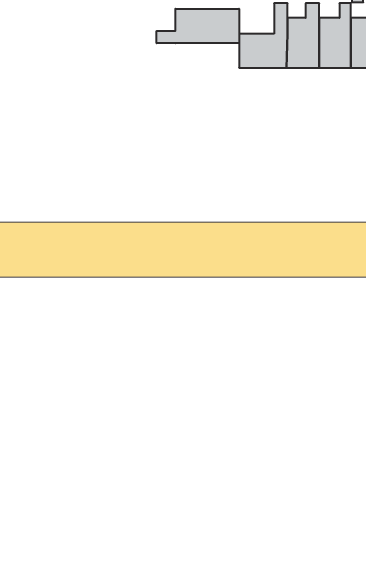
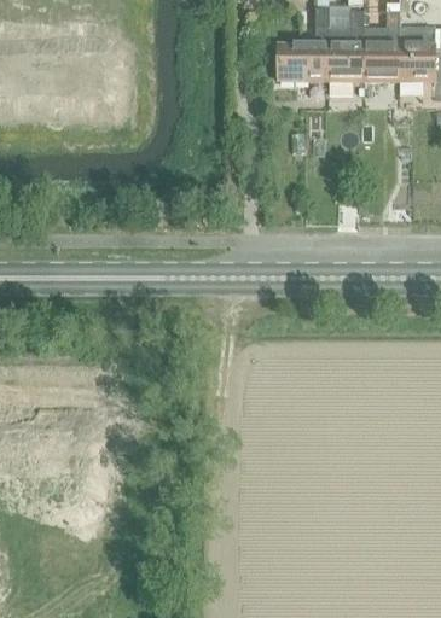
building: [157,9,239,43] -> none

